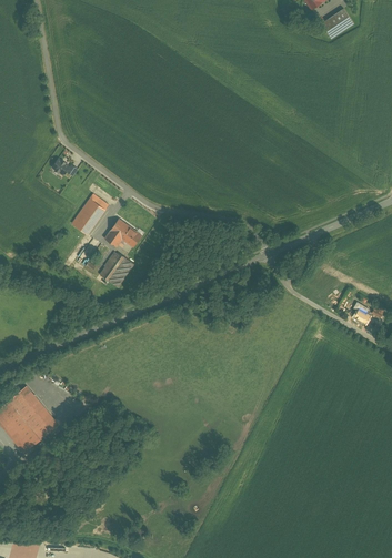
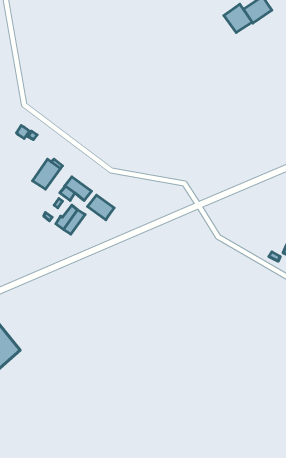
building: none -> [224,4,252,33]
building: none -> [88,195,114,220]

